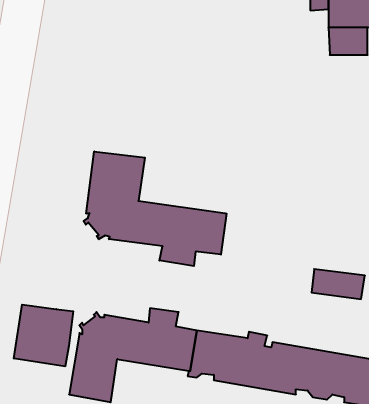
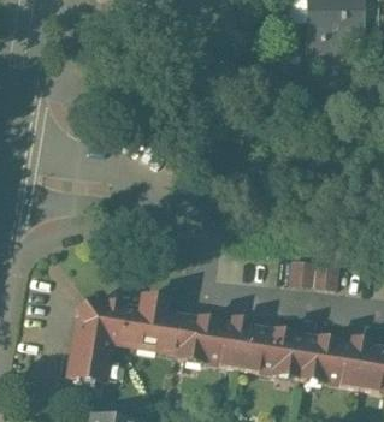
building: [84,151,227,266] -> none
building: [14,305,73,366] -> none

